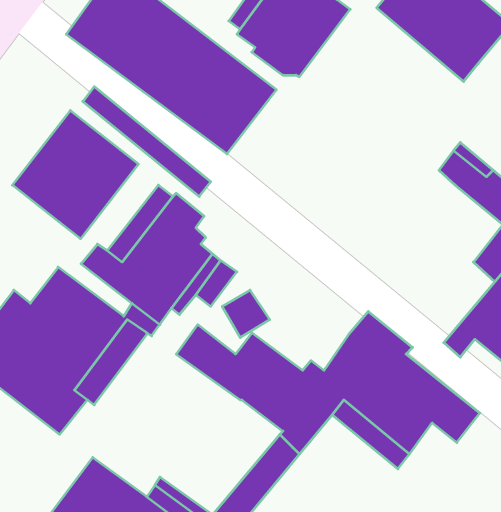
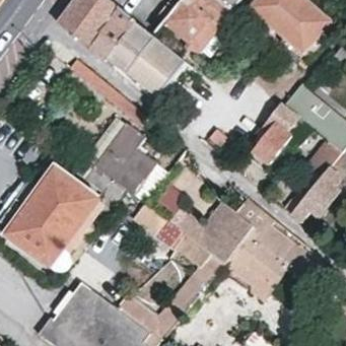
building: [12,110,138,239] -> none
building: none -> [253,103,296,163]

